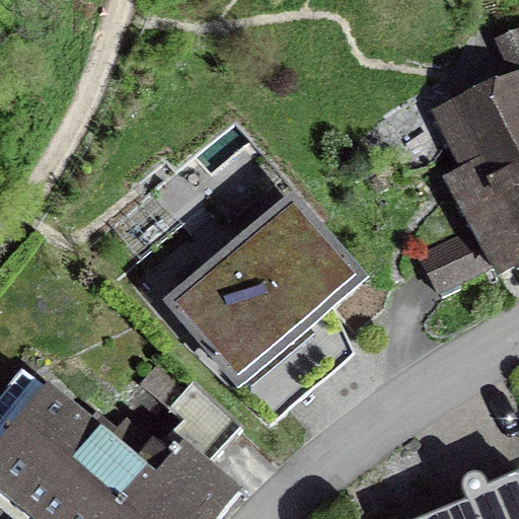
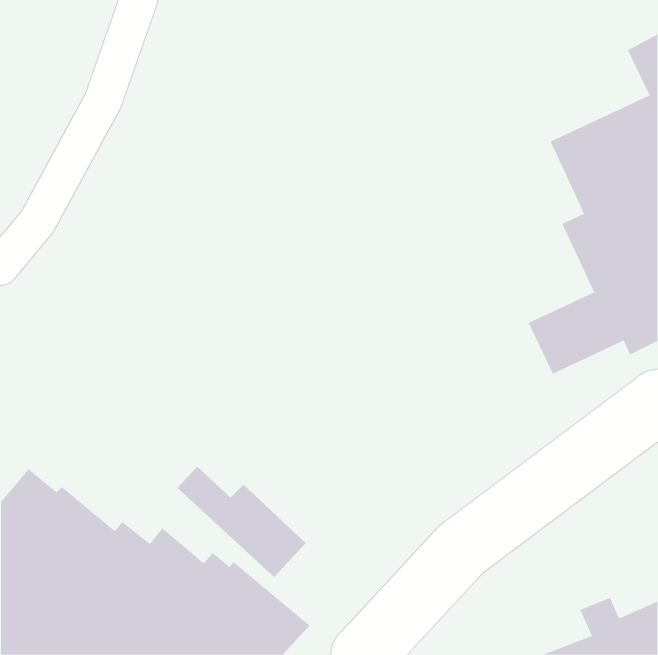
building: [162,193,370,393] -> none

